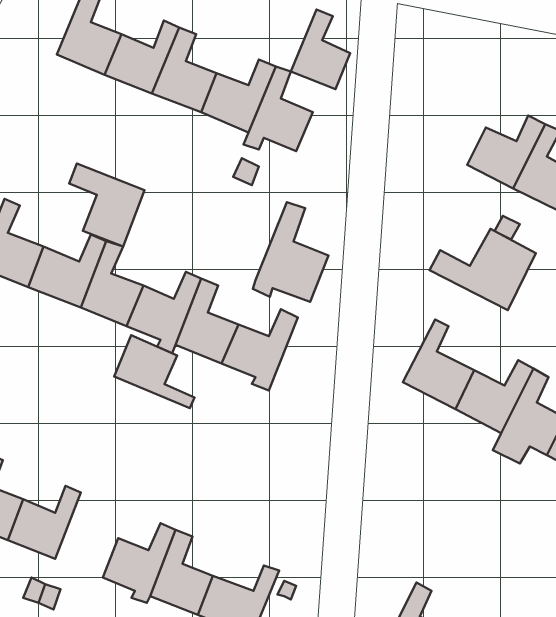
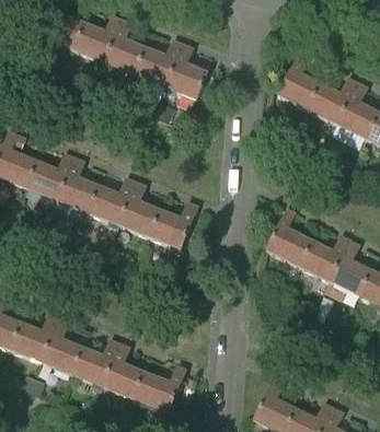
building: [291,10,350,89] -> none
building: none -> [278,51,320,107]
building: [69,163,145,246] -> none
building: [253,202,328,302] -> none
building: [430,229,536,310] -> none
building: [114,335,195,408] -> none
building: none -> [42,318,82,373]

